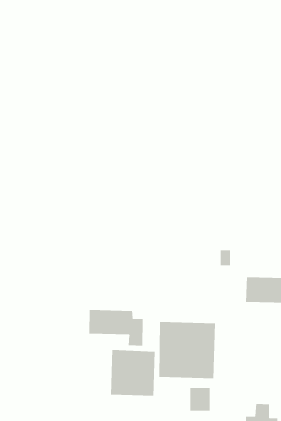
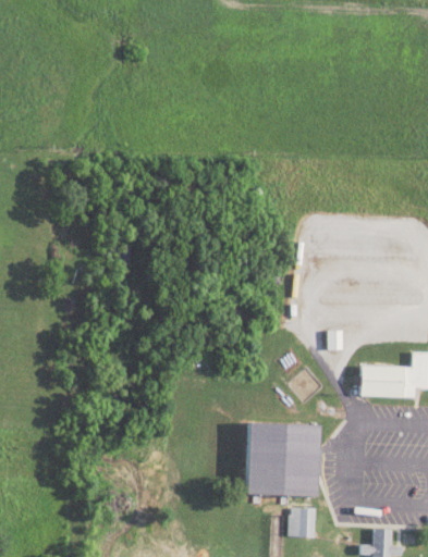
building: [89,309,143,347] -> none
building: [111,349,155,396] -> none

